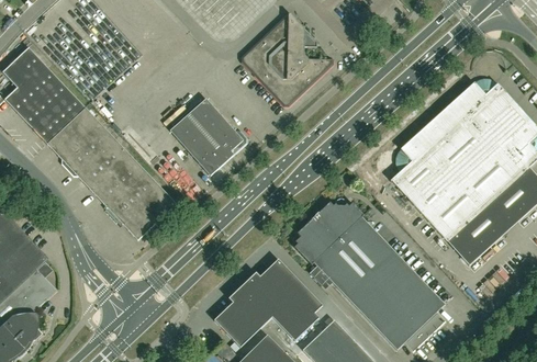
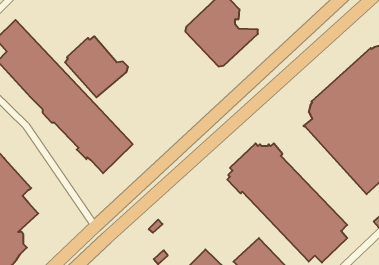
building: [170,98,249,174] -> [65,36,128,97]
building: [214,259,322,347] -> none

